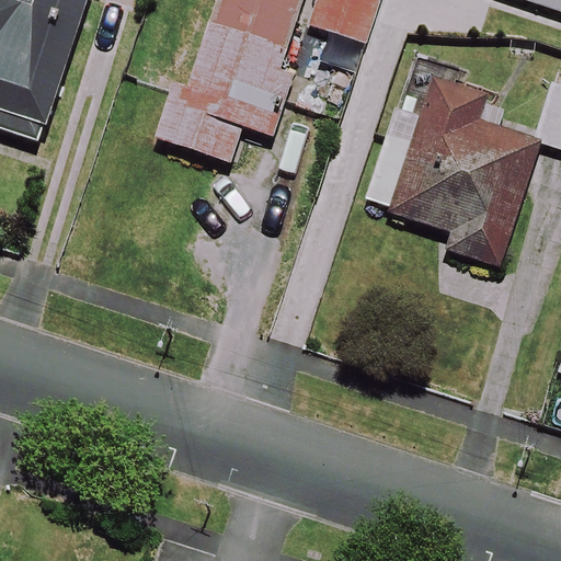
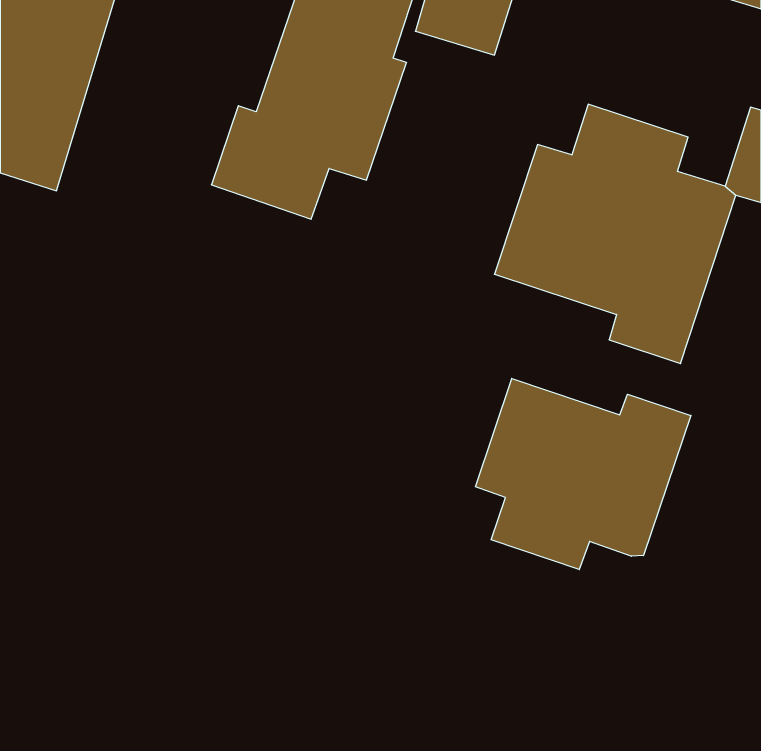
building: none -> [476,378,691,570]

